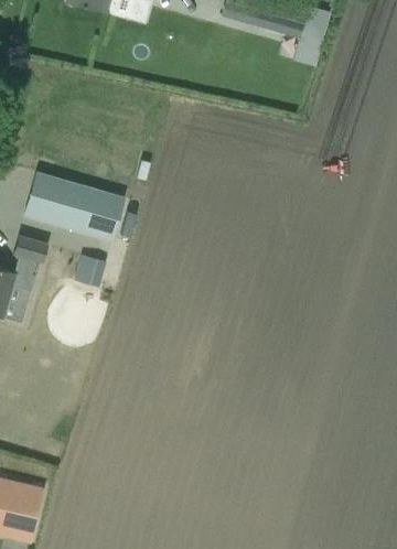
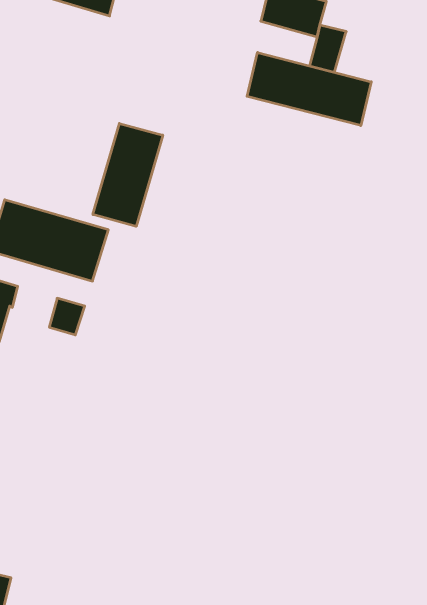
building: none -> [247,52,371,126]
building: none -> [93,123,163,226]

